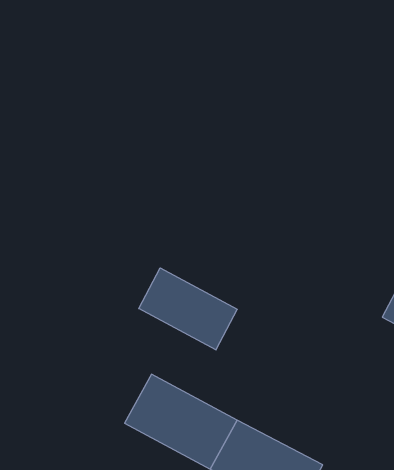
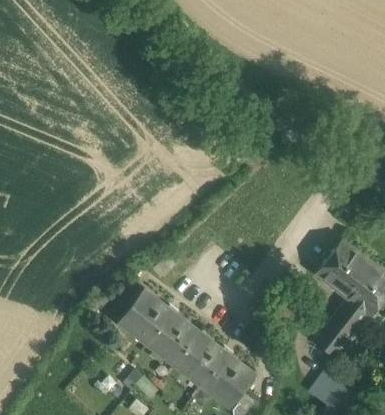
building: [139,268,237,350] -> none

